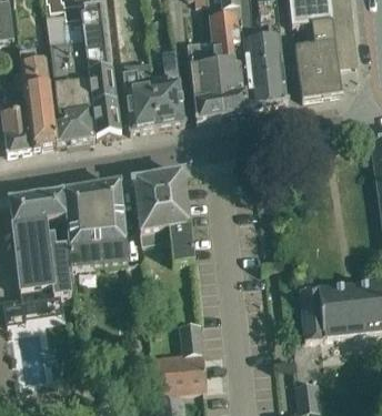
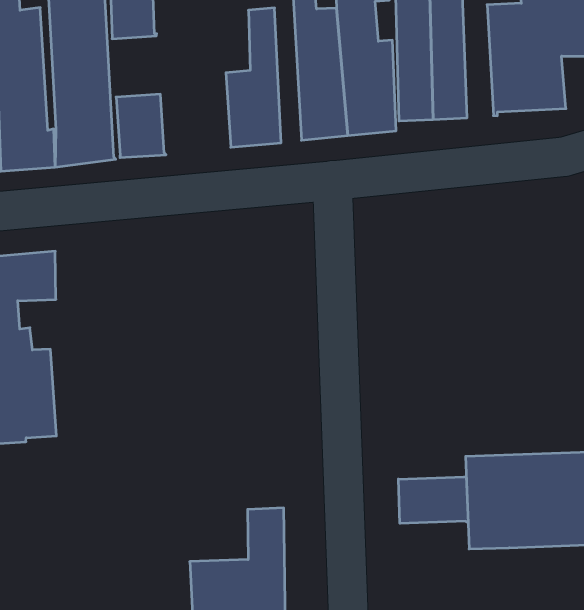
building: [121,54,157,130] -> none
building: [87,67,115,102] -> none
building: [132,170,194,261] -> none
building: [63,181,127,268] -> none
building: none -> [398,477,468,523]

